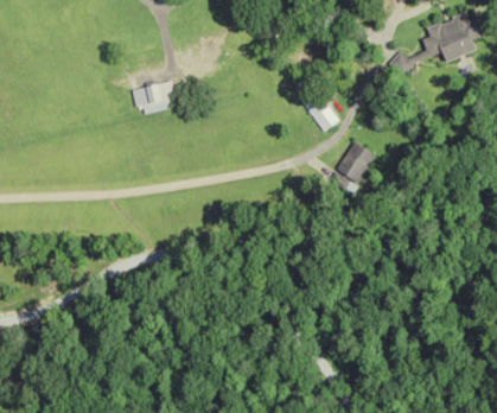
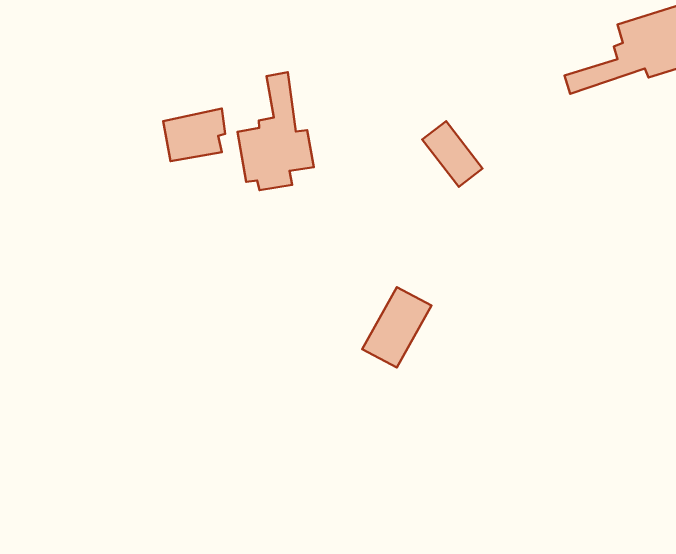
building: none -> [237,72,314,190]
building: [331,141,376,193] -> [362,287,431,367]

